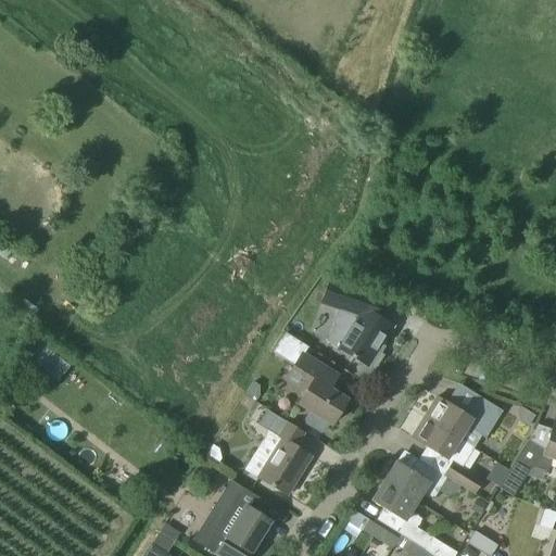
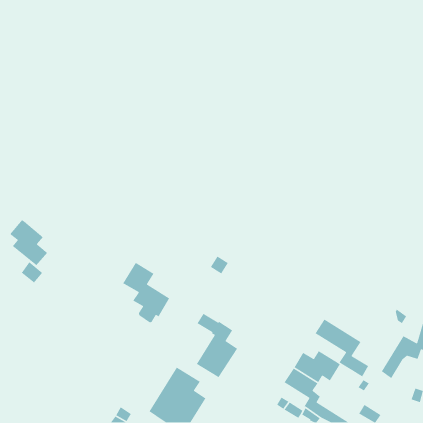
building: [320,278,394,369] -> none
building: none -> [9,219,48,266]
building: [286,352,349,432] -> [122,262,170,323]
building: [426,394,504,447] -> none

